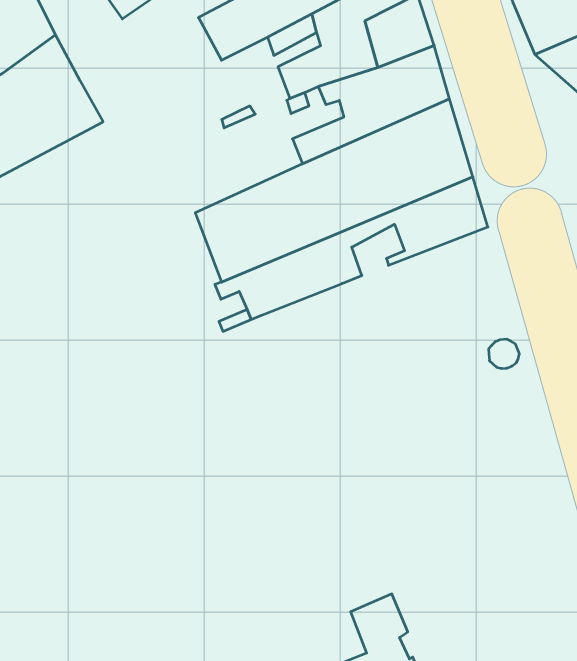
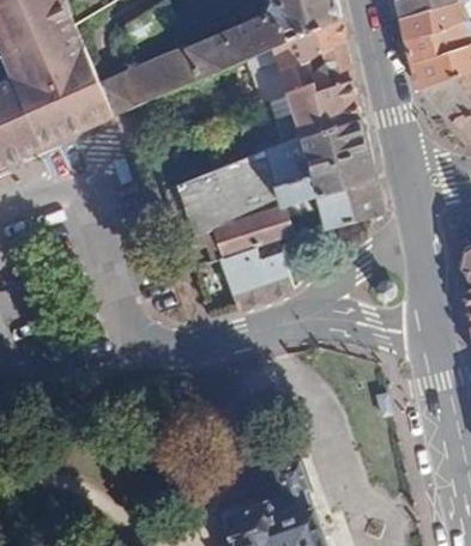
building: none -> [99,45,200,115]
building: none -> [217,239,290,309]

